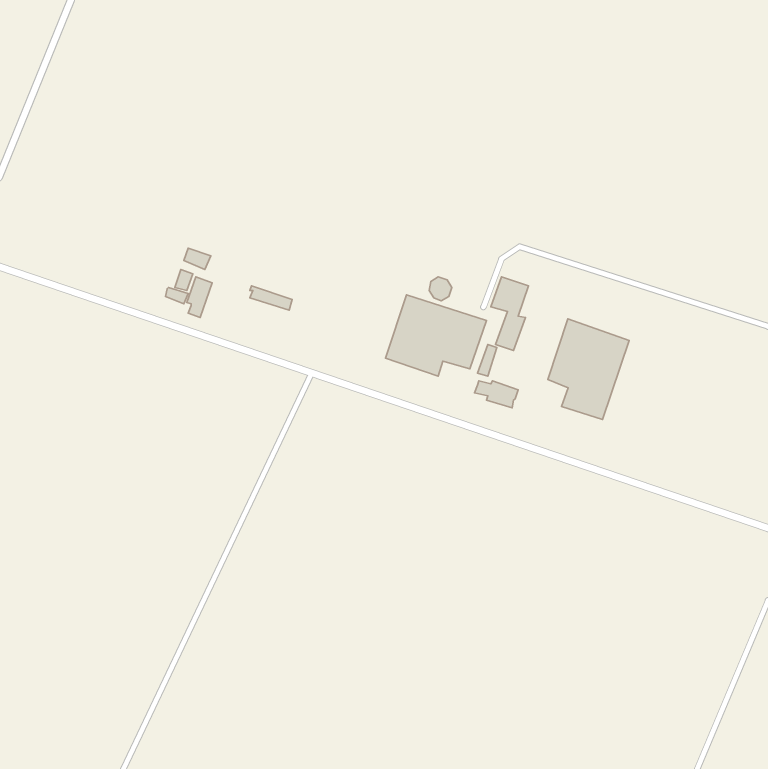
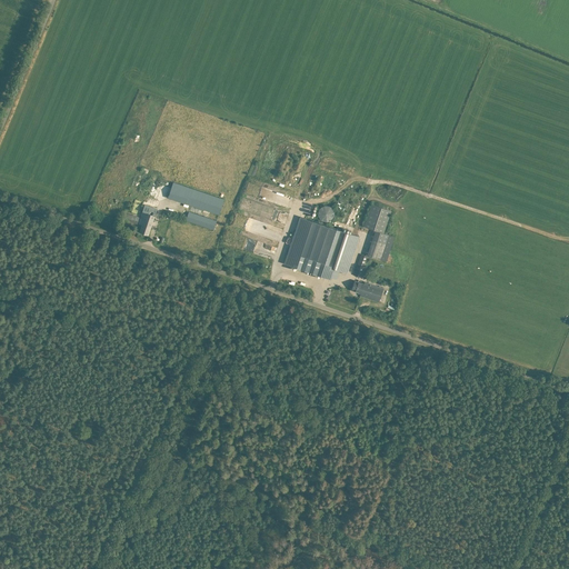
building: none -> [167,182,223,216]
building: [548,319,629,420] -> none

